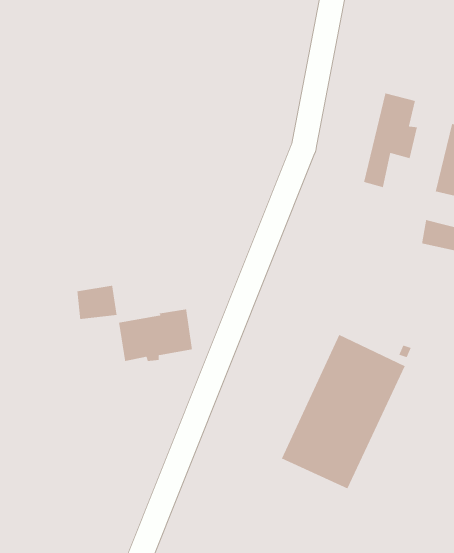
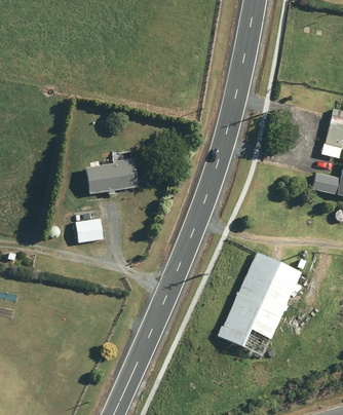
building: [363,93,418,188] -> none
building: [118,309,193,362] -> [92,156,143,192]

